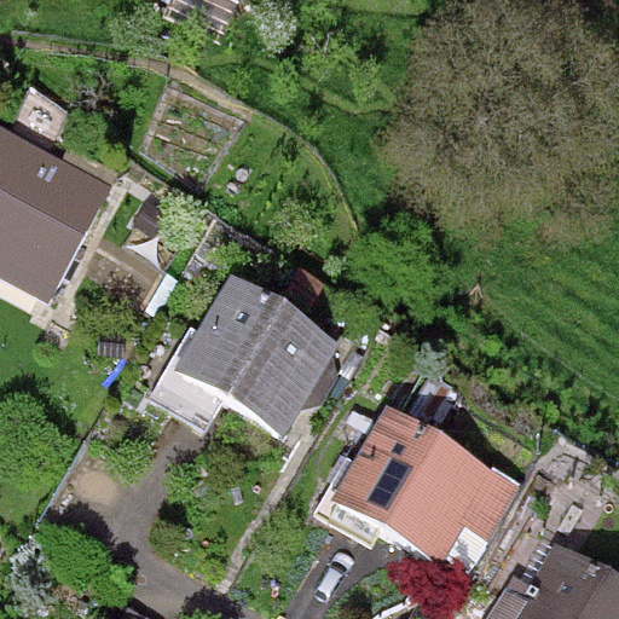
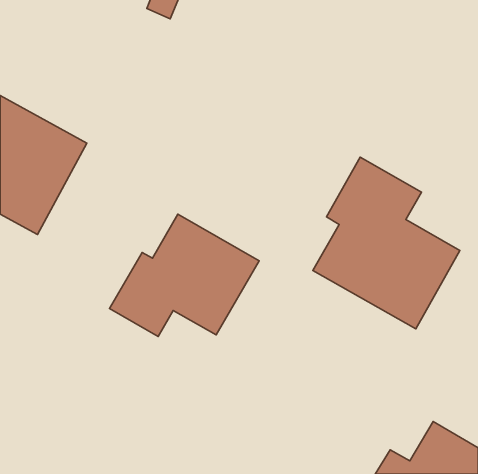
building: none -> [313,157,460,329]
building: [328,404,522,568] -> none

